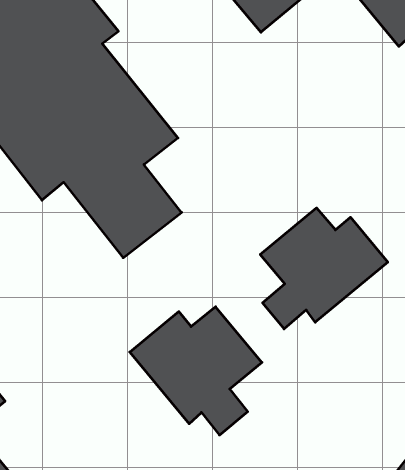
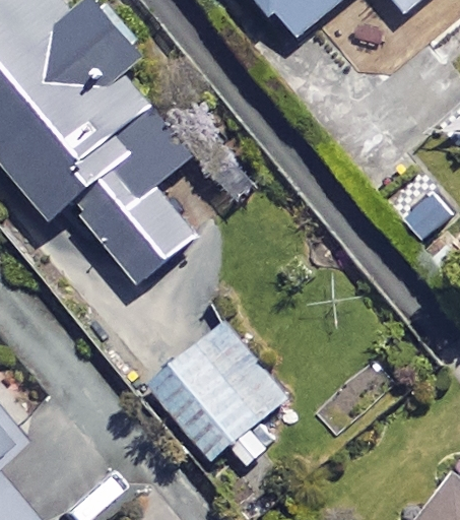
building: [260,208,388,329] -> none

